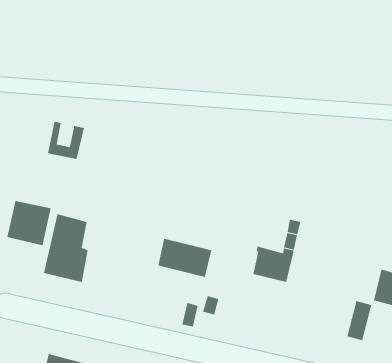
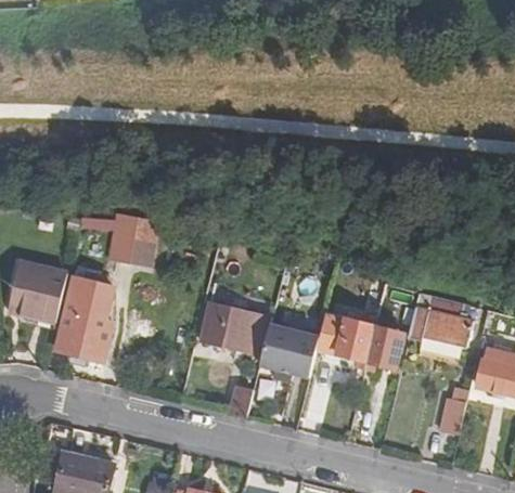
building: [47,121,85,160] -> [106,222,154,271]
building: none -> [404,298,472,346]
building: none -> [260,326,319,377]
building: none -> [364,327,400,368]

